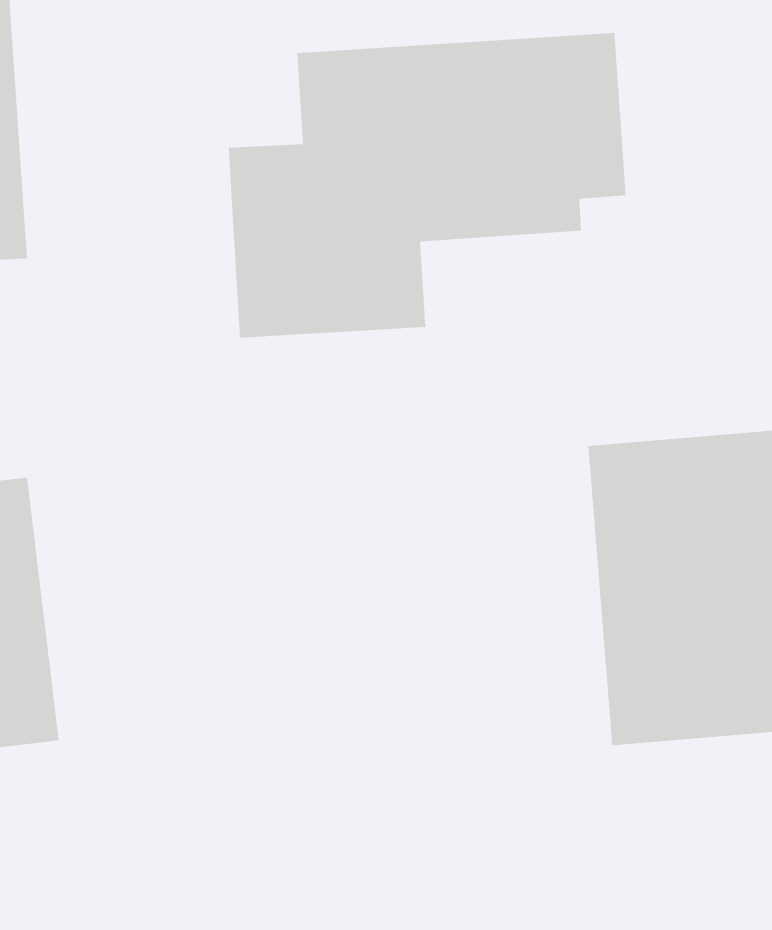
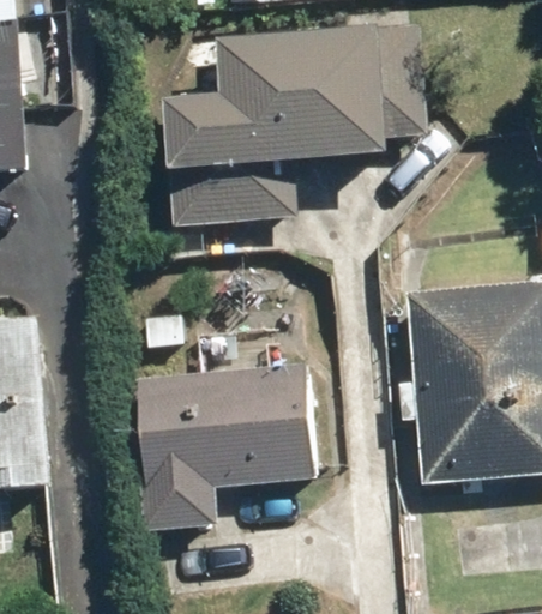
building: none -> [131,365,314,530]

